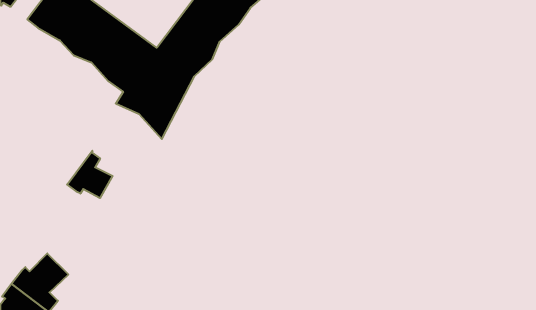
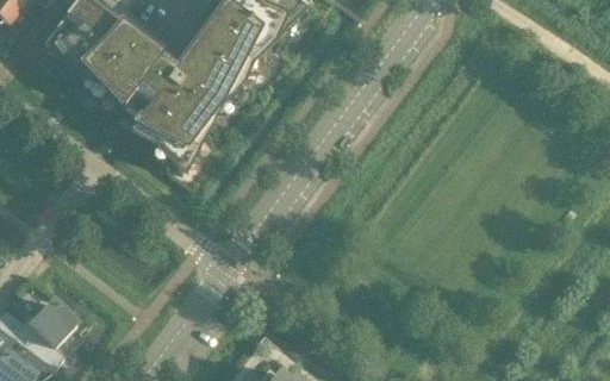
building: [67,151,113,198] -> none

